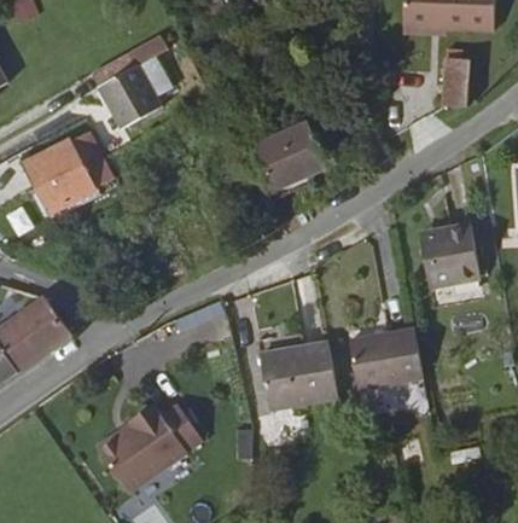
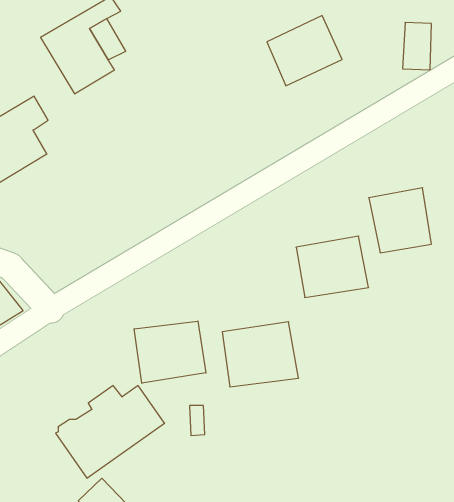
building: [249,129,321,197] -> [267,16,342,86]
building: [350,324,420,383] -> [296,236,369,297]
building: none -> [134,321,206,383]

